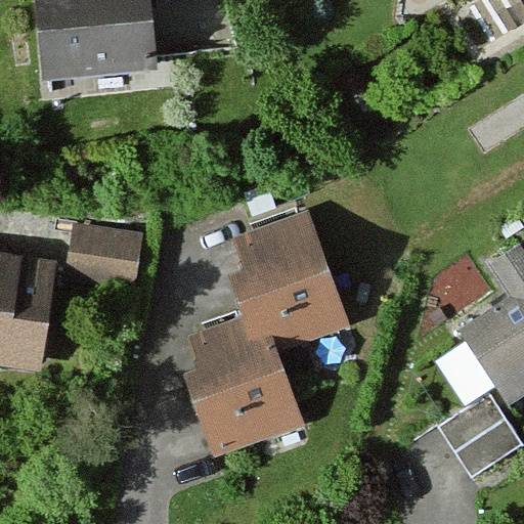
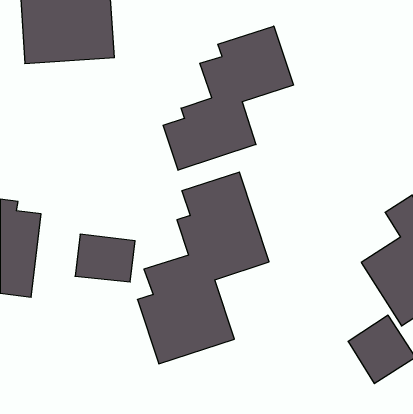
building: none -> [163,26,293,170]
building: [64,226,139,286] -> [75,234,135,282]

